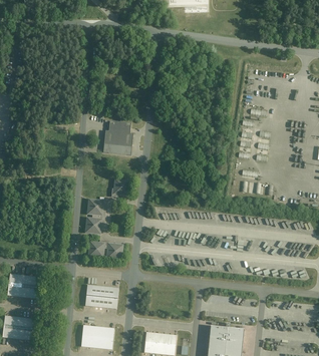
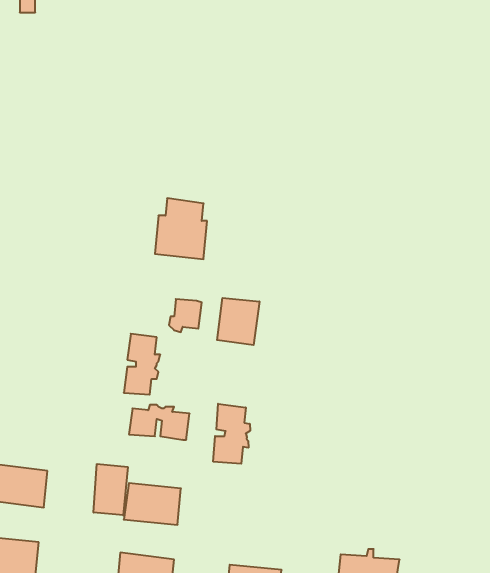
building: none -> [217,298,259,345]
building: none -> [213,404,250,464]
building: none -> [94,464,128,515]

